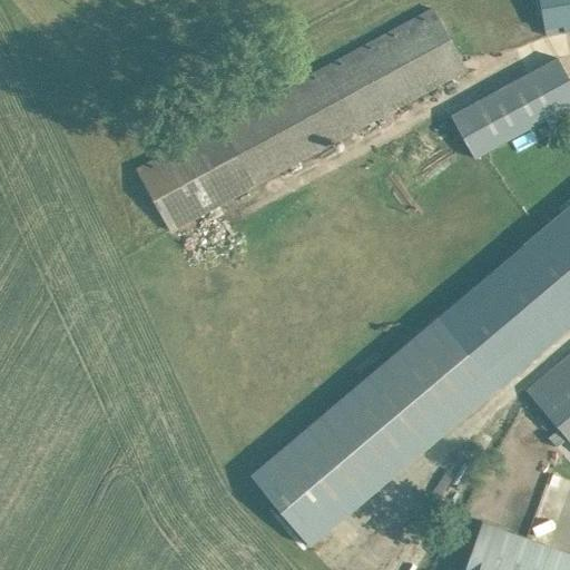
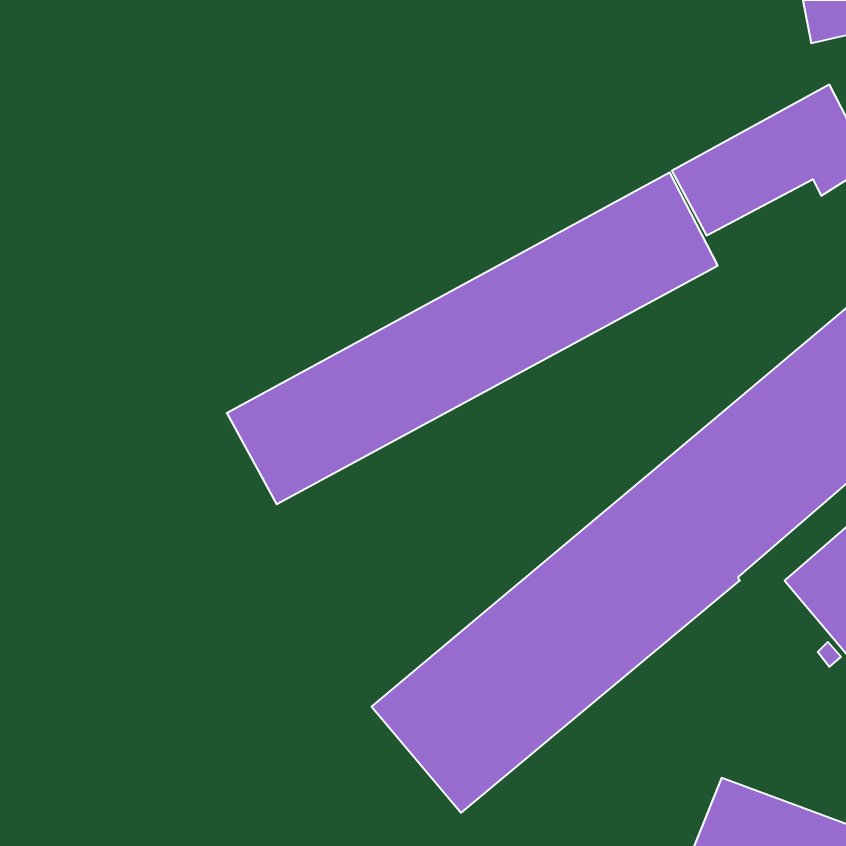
building: [137,9,466,232] -> [227,172,718,504]

